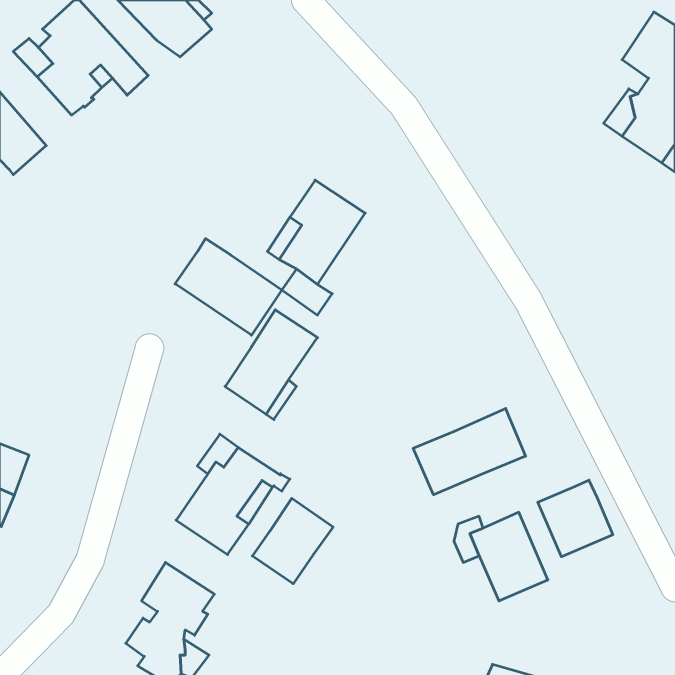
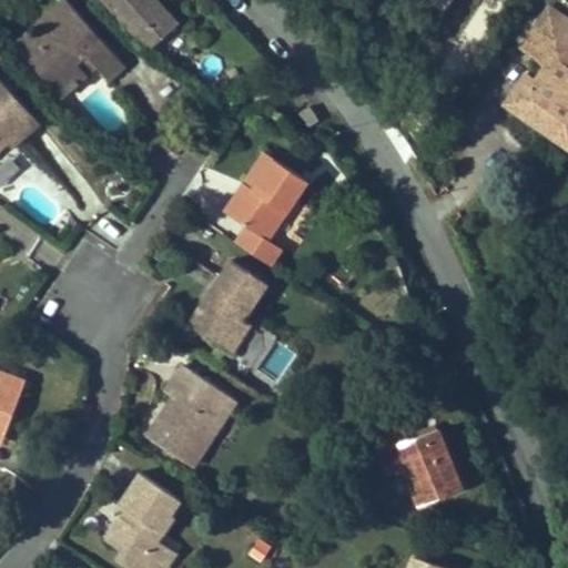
building: [175,239,282,335] -> none
building: [413,408,526,495] -> none
building: [538,480,613,557] -> none
building: [252,498,333,584] -> none

